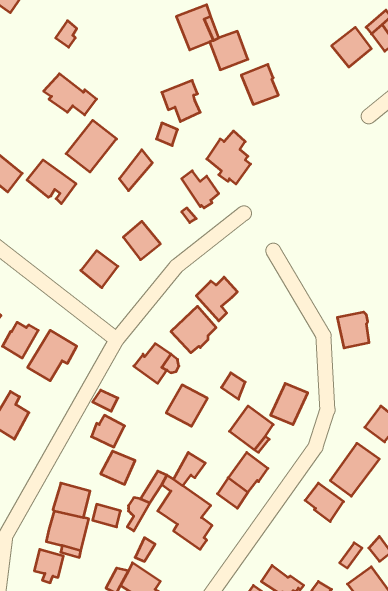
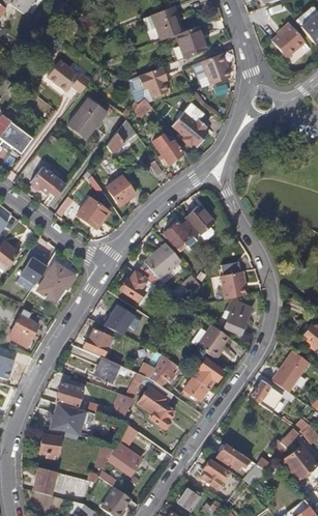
building: [27,160,76,204] -> [28,164,66,198]
building: none -> [186,205,218,235]
building: [337,312,369,348] -> [221,270,245,298]
building: [166,385,207,426] -> [106,303,138,335]

